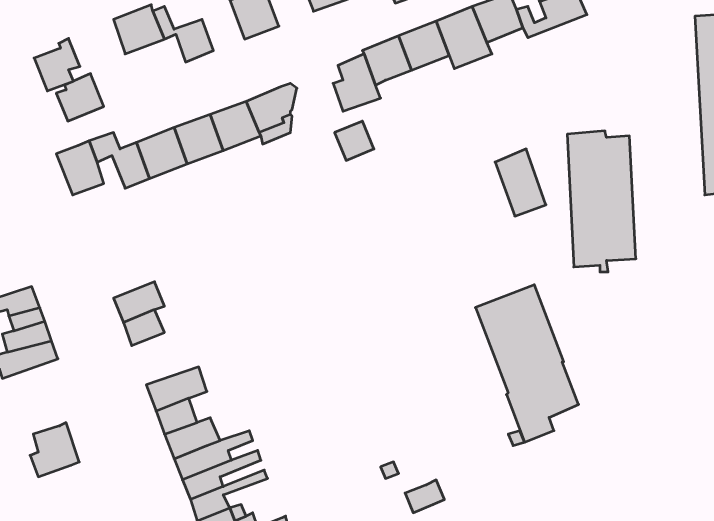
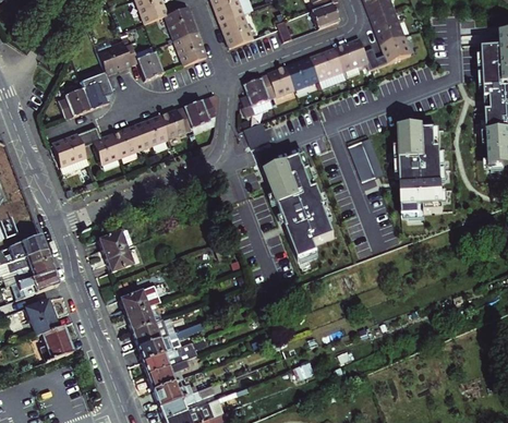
building: [34,38,80,91] -> [80,76,110,111]
building: [475,285,579,442] -> [265,158,334,263]
building: none -> [27,294,59,331]

